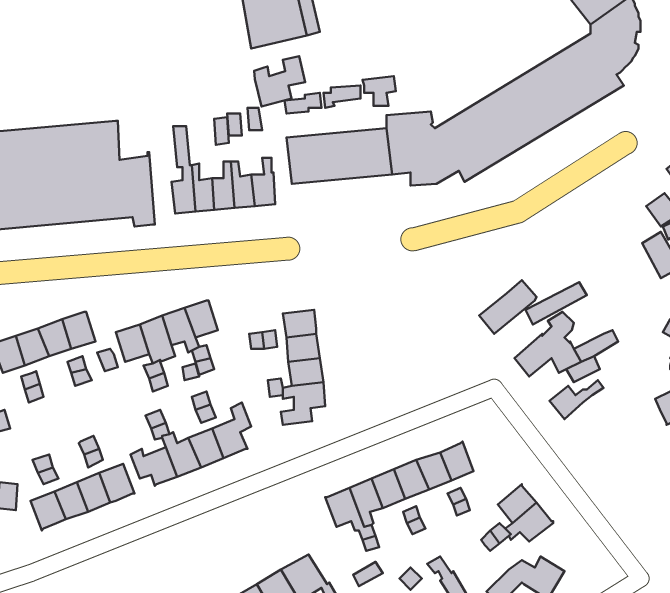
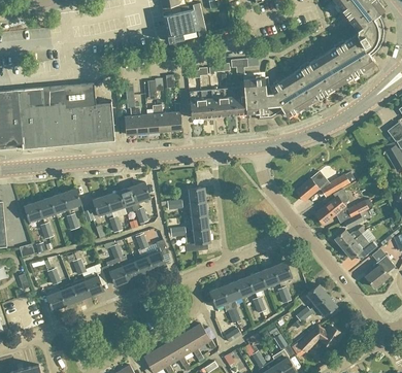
building: [254,56,305,106] -> none
building: none -> [342,234,377,261]
building: none -> [365,256,395,290]

